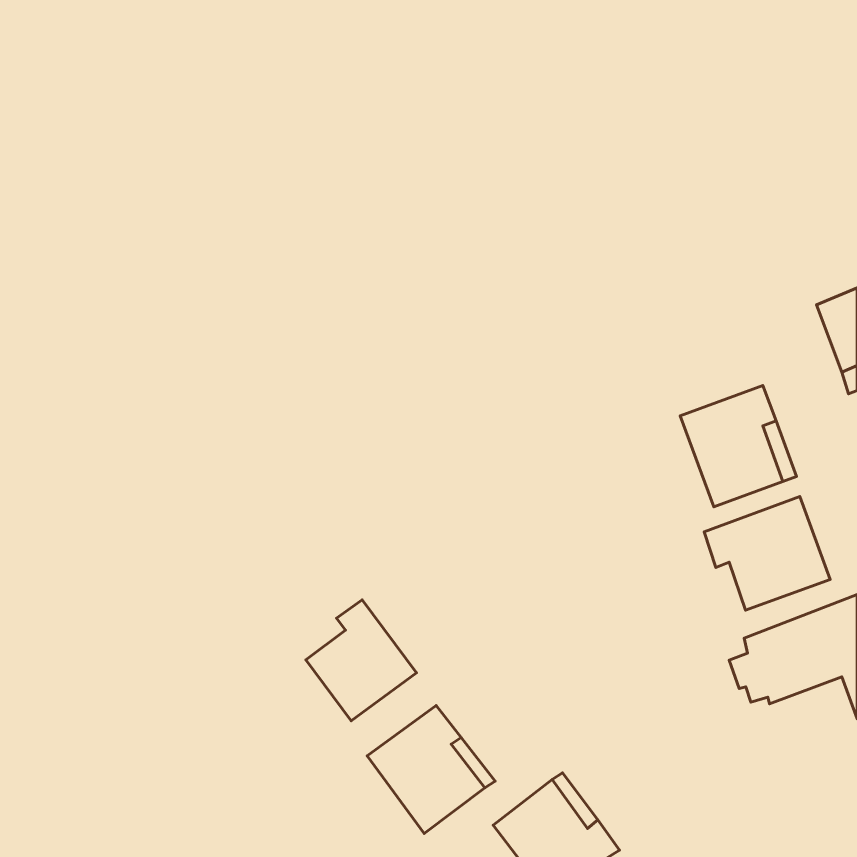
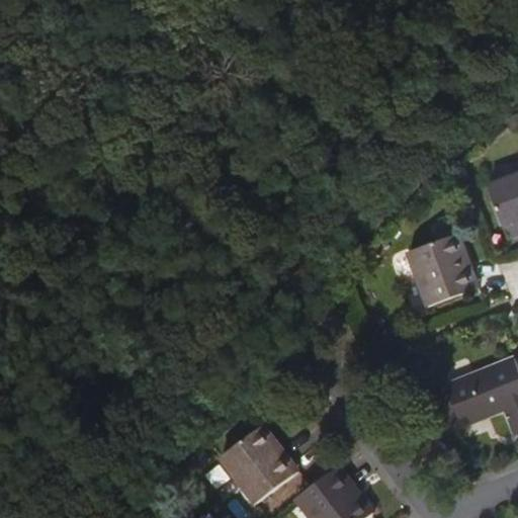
building: [704,496,830,610] -> none
building: [306,600,416,721] -> none

